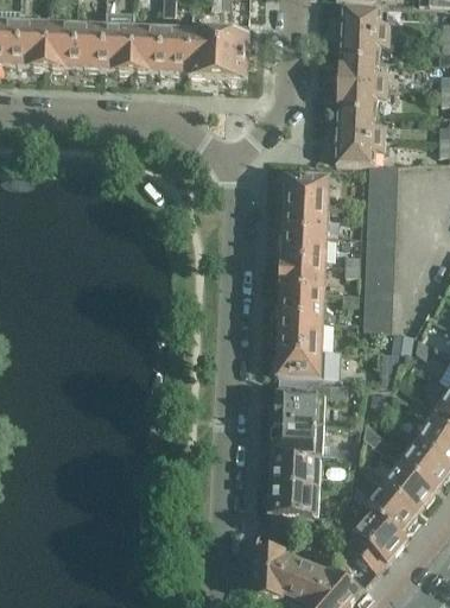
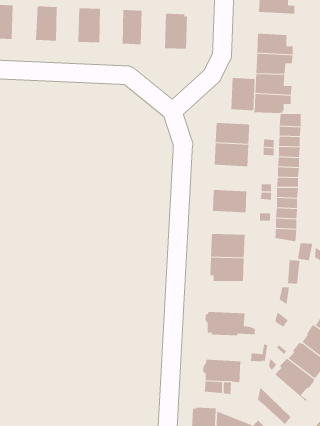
building: [19,19,51,65] -> none
building: [77,21,106,68] -> none
building: [134,24,164,70] -> none
building: [189,26,220,76] -> none
building: [341,28,391,58] -> none
building: none -> [231,77,255,111]
building: [283,229,329,264] -> none
building: [280,290,327,321] -> none
building: [272,382,348,424] -> none
building: [270,456,322,487] -> none
building: [343,509,405,560] -> none

